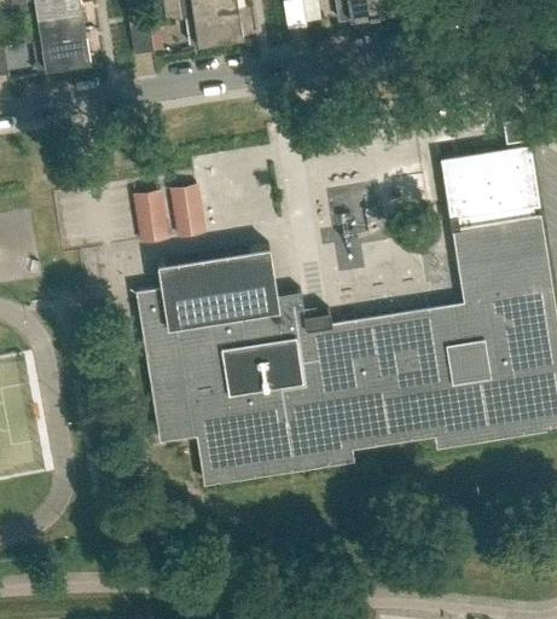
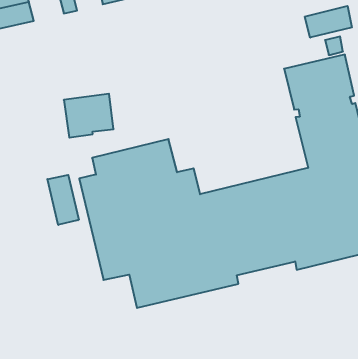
building: none -> [305,6,352,38]
building: none -> [47,175,79,225]

